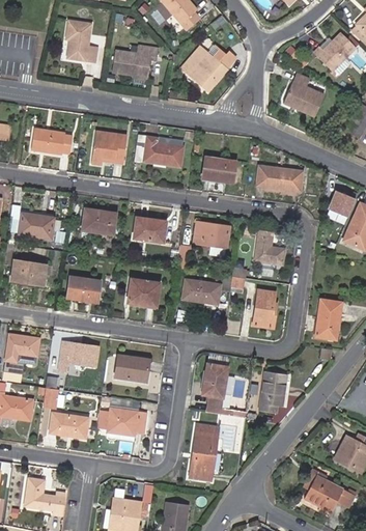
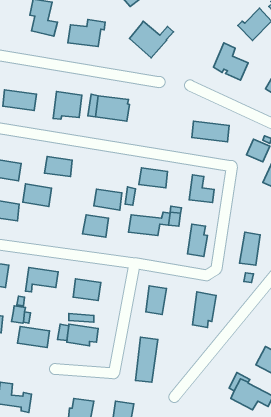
building: [203,158,235,184] -> none
building: [133,218,166,243] -> [94,189,122,210]
building: [67,276,102,303] -> [23,184,51,206]

